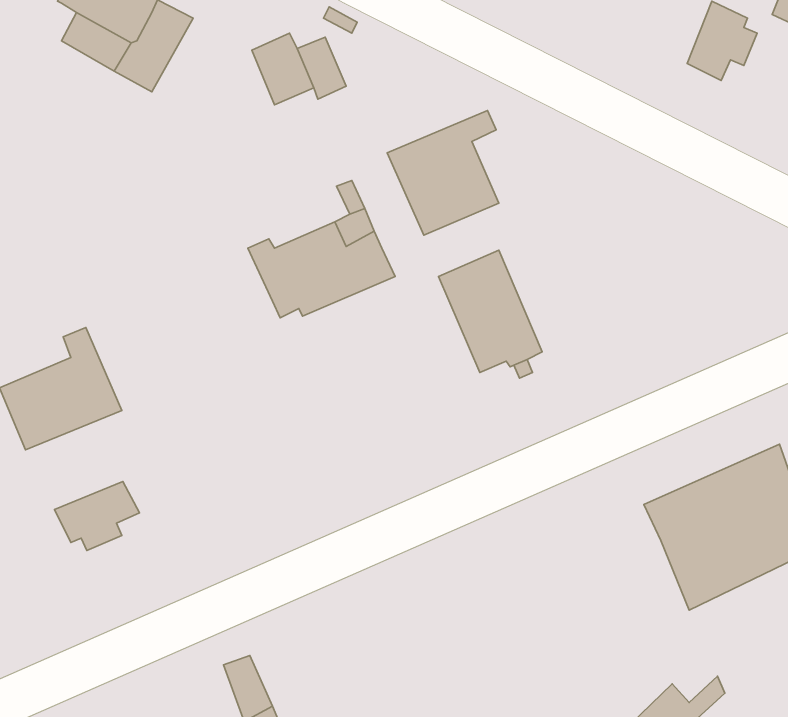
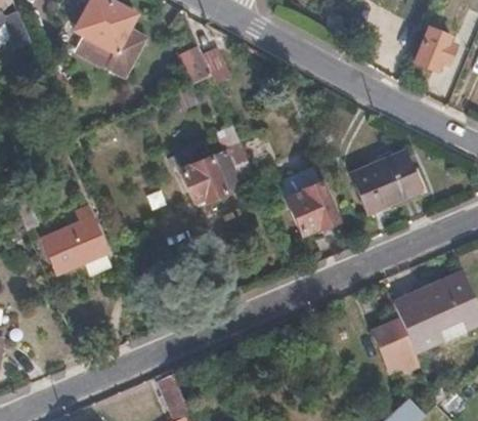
building: [387,110,499,235] -> none
building: none -> [351,154,420,213]
building: [54,481,139,551] -> none
building: none -> [372,322,417,372]

